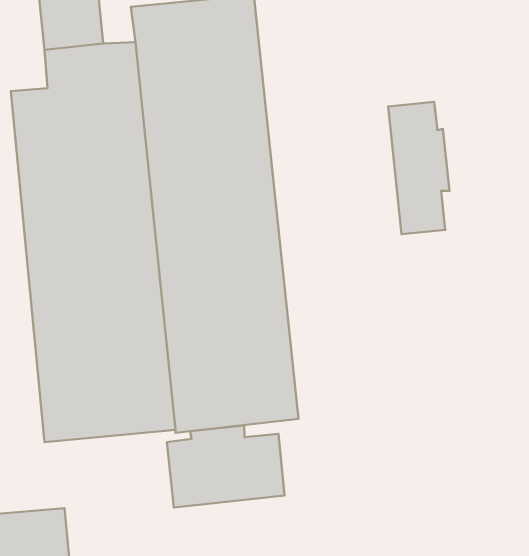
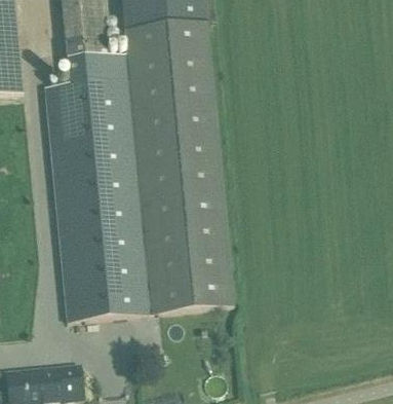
building: [388,102,449,234] -> none
building: [167,426,285,507] -> none

